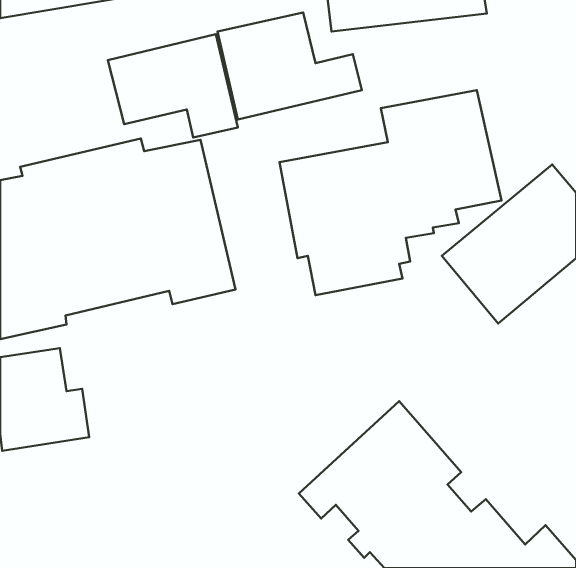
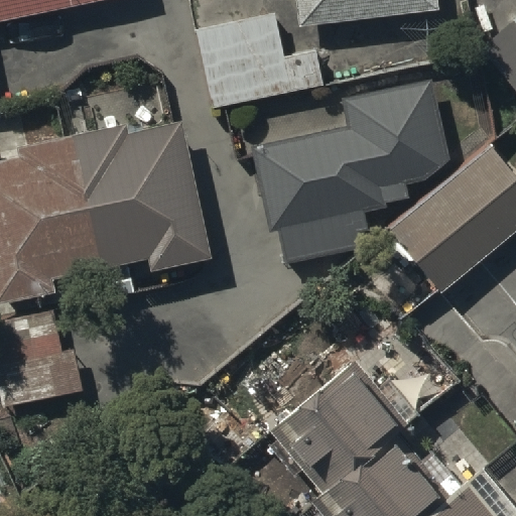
building: [108,34,238,138] -> none

